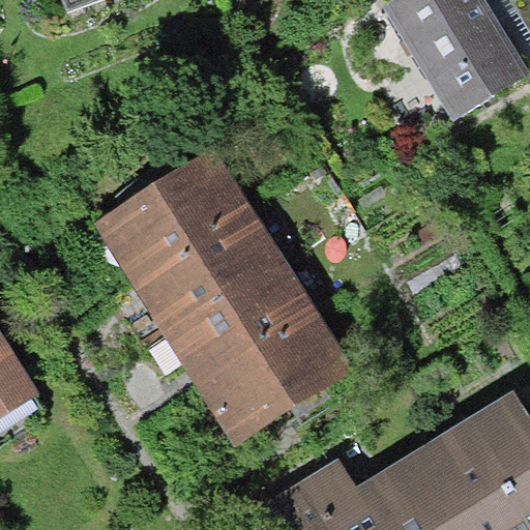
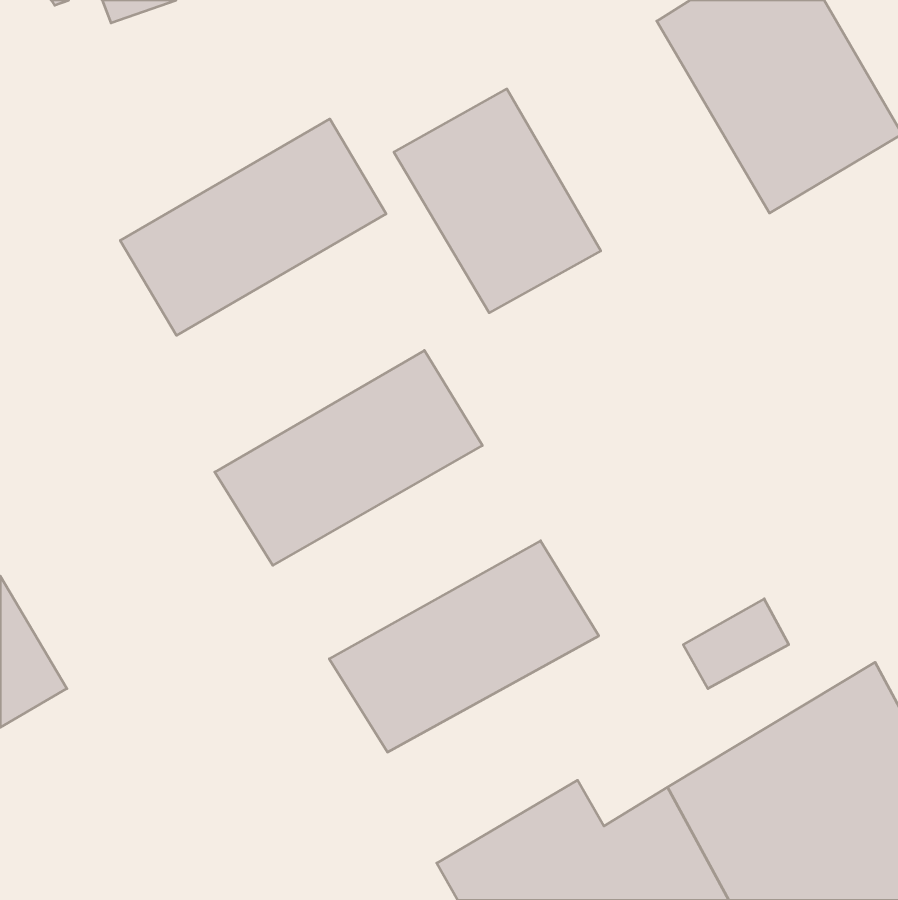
building: none -> [394,89,601,313]
building: [94,150,251,277] -> [120,119,386,335]
building: [161,262,319,387] -> none

